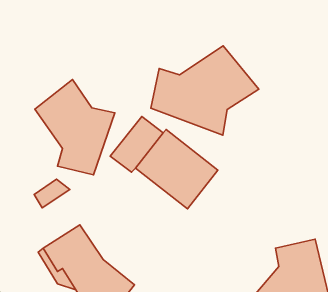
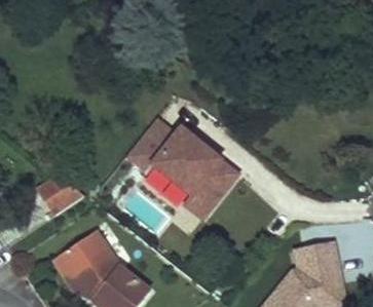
building: [151,46,259,135] -> none
building: [35,80,115,175] -> none

